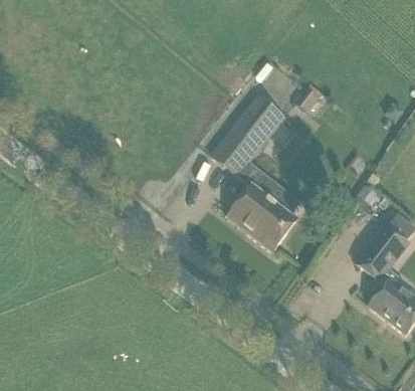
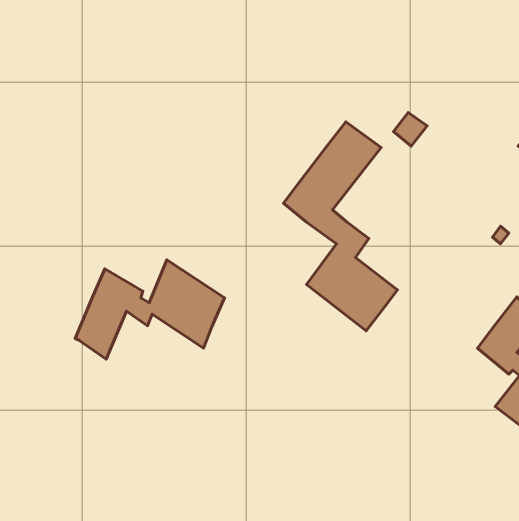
building: none -> [75,260,225,359]

